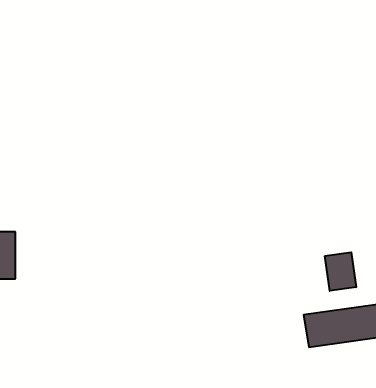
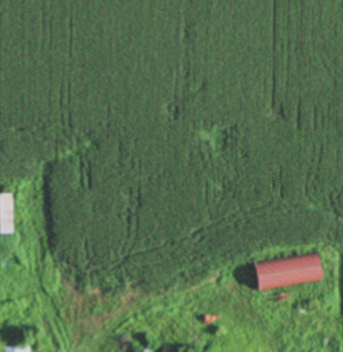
building: [325,252,356,291] -> none

